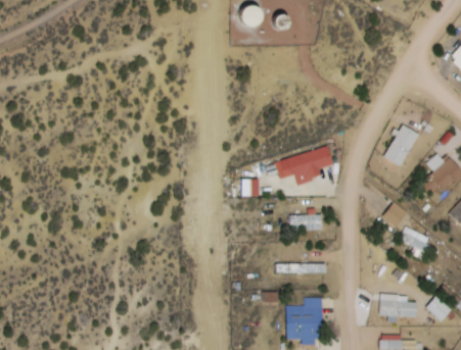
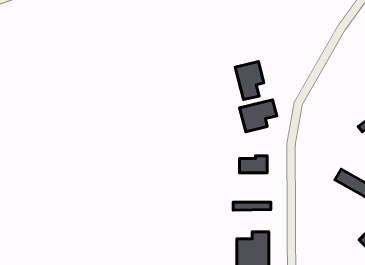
building: none -> [235,62,264,100]
building: [382,123,420,166] -> none
building: [379,295,417,313] -> none

